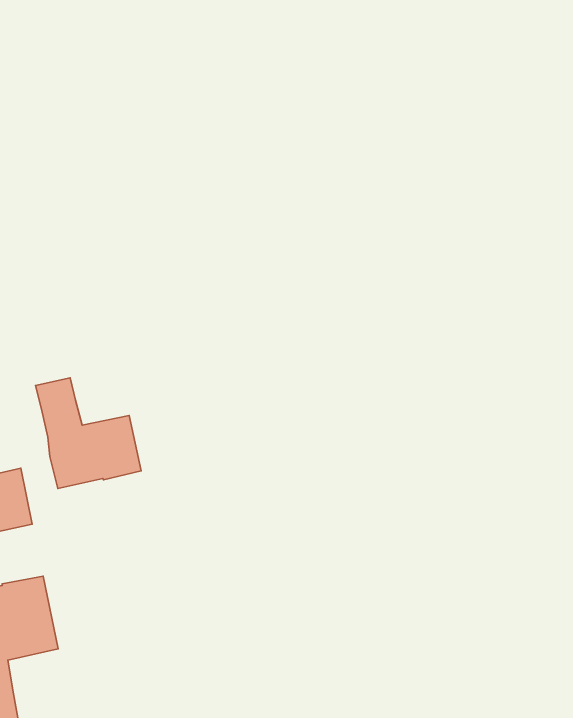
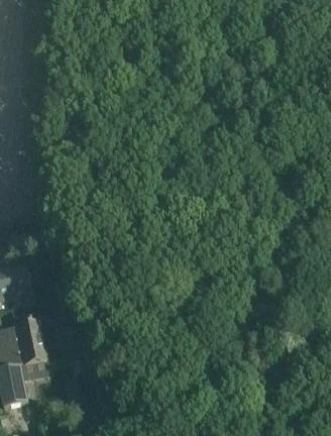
building: [36,378,141,489] -> none

